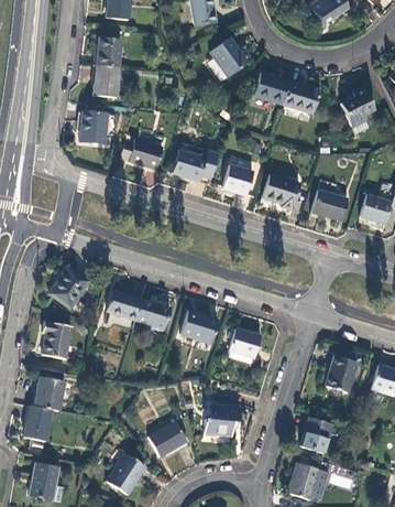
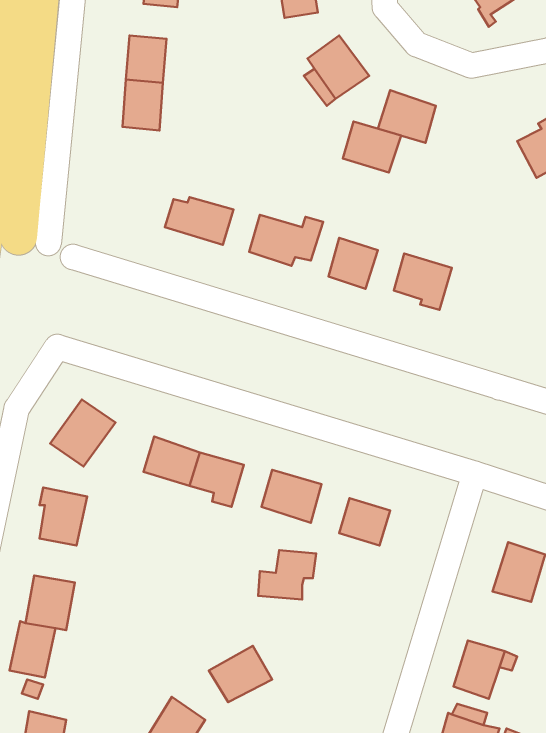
building: [283,82,319,114] -> [343,122,401,173]
building: [80,111,116,143] -> none
building: [311,190,348,220] -> none
building: [204,404,240,435] -> [258,550,316,599]

